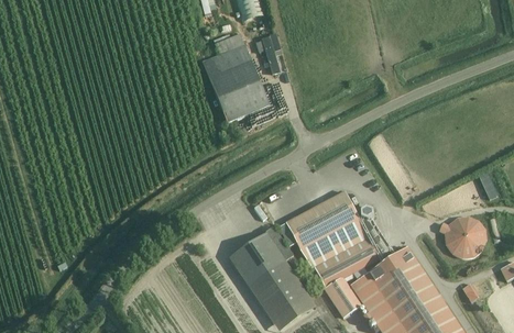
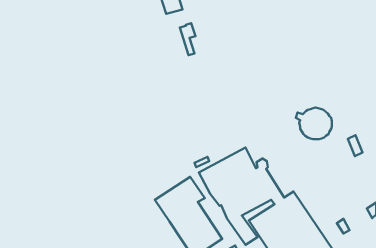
building: [201,32,269,122] -> none
building: [439,215,485,256] -> [296,107,332,139]

